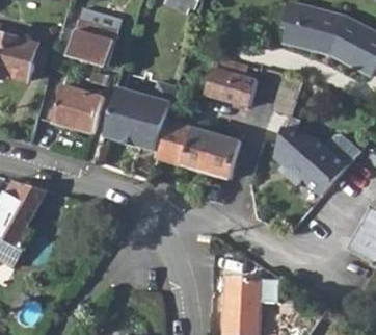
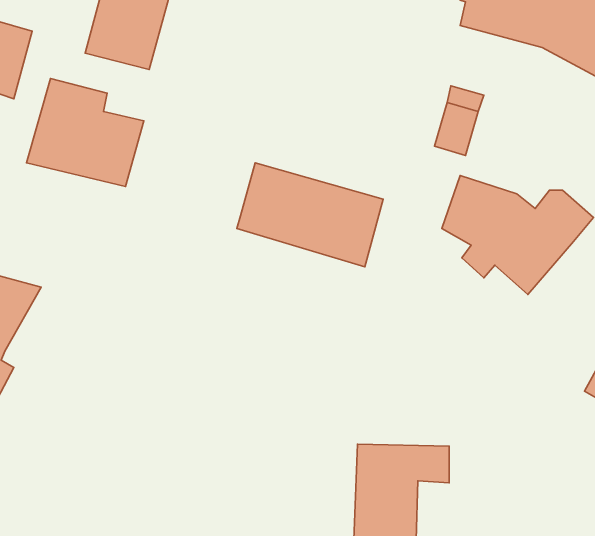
building: [202,57,254,107] -> none
building: [102,80,176,150] -> none

